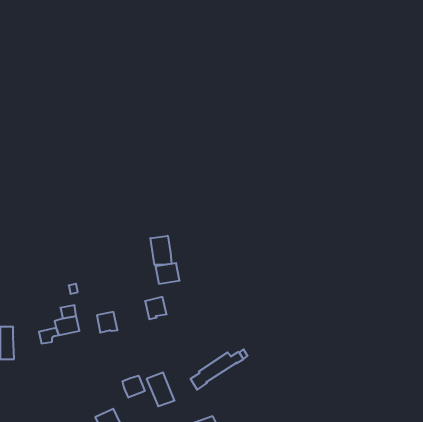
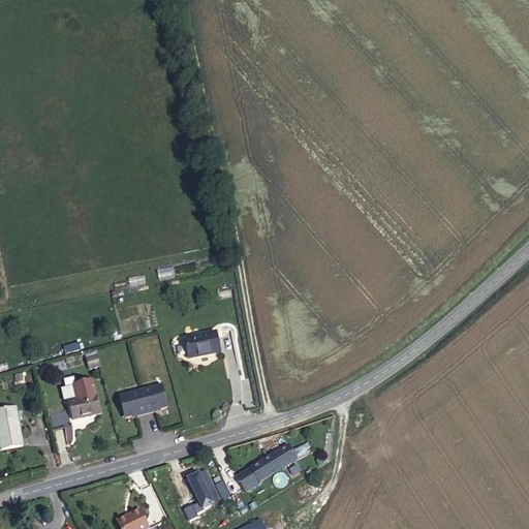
building: [150,236,171,265] -> none
building: [145,297,167,319] -> [142,385,168,413]
building: [123,376,145,398] -> none

